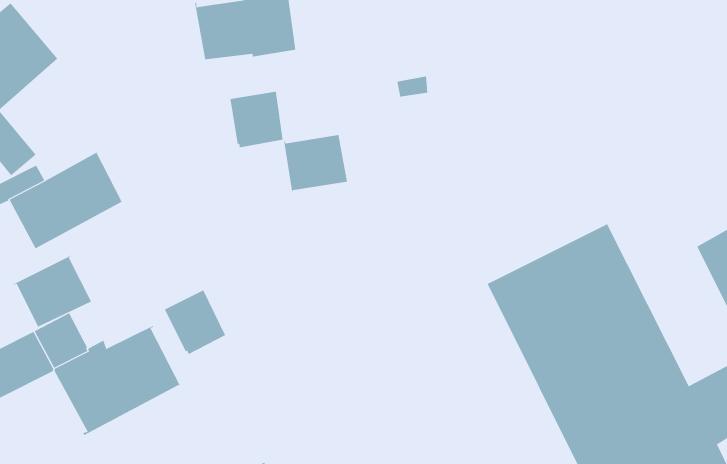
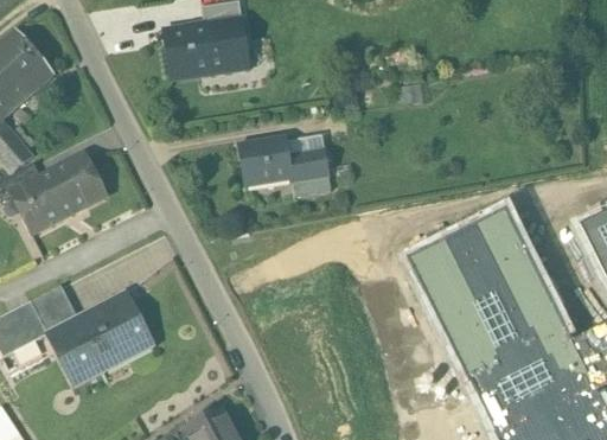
building: [230,91,283,148] -> none
building: none -> [285,134,330,181]
building: [12,254,92,328] -> none
building: [164,289,226,355] -> none

